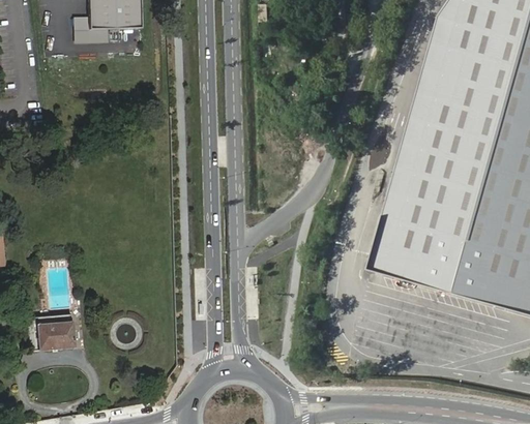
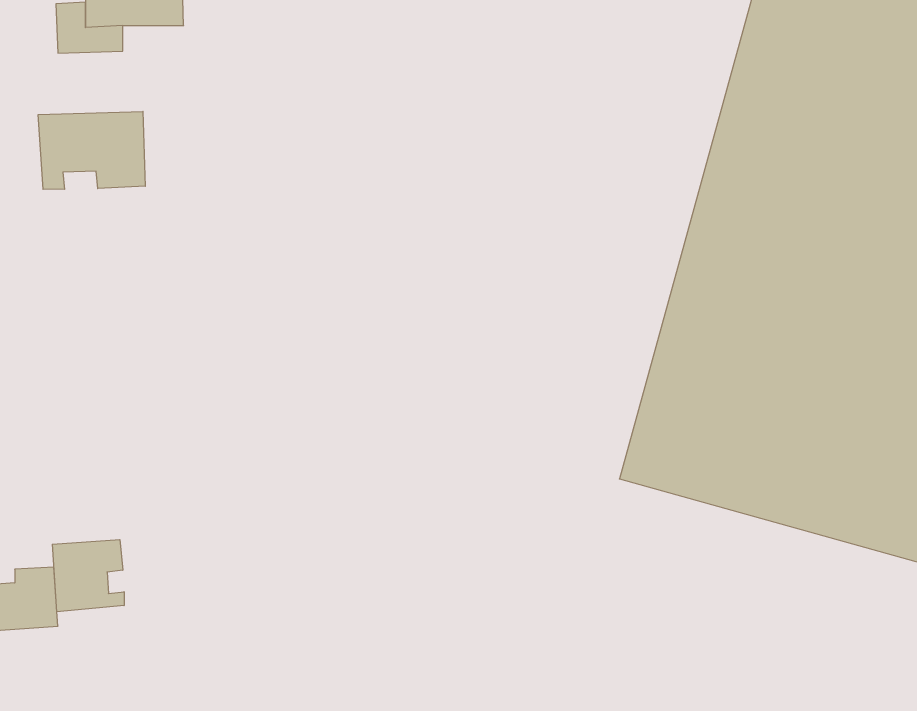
building: none -> [38,111,145,189]
building: none -> [52,540,124,612]

